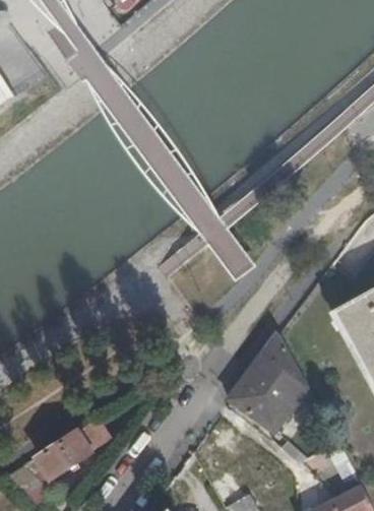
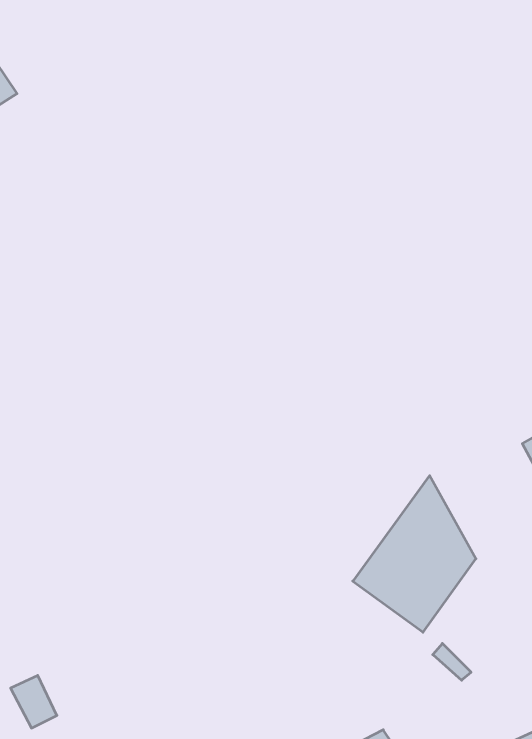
building: [35,427,90,476] -> none

